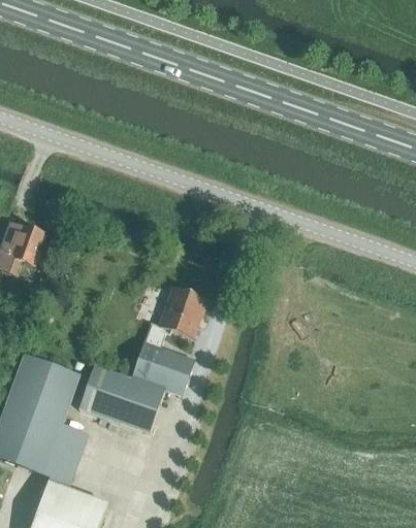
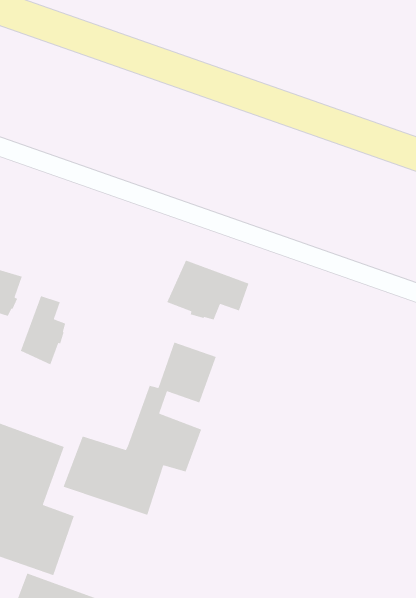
building: none -> [166,260,249,320]
building: none -> [20,295,66,366]

